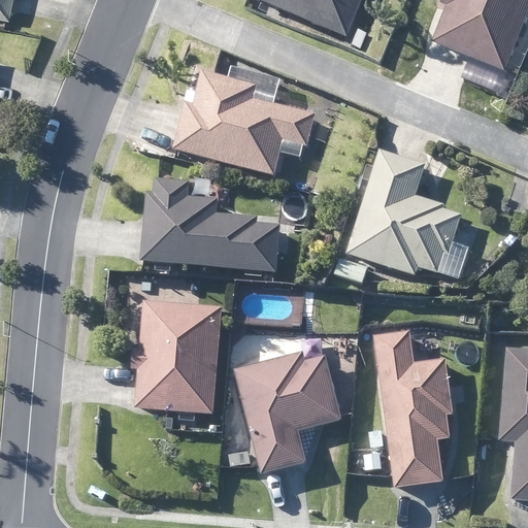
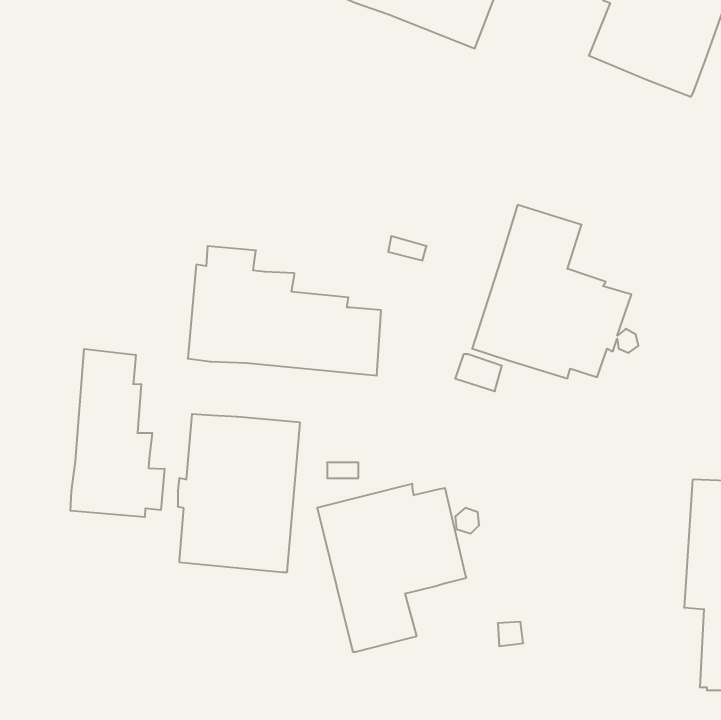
building: [174,71,316,175] -> none
building: none -> [71,349,165,517]
building: [374,330,452,487] -> none

